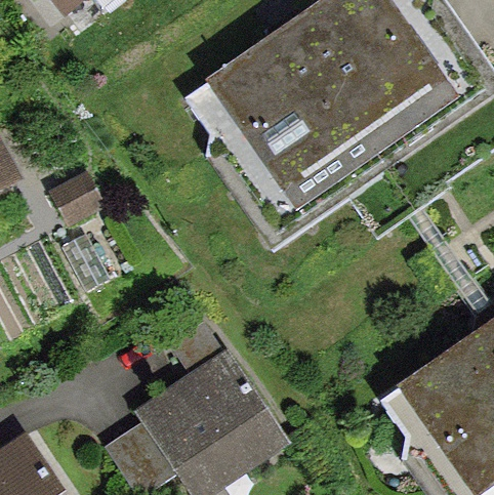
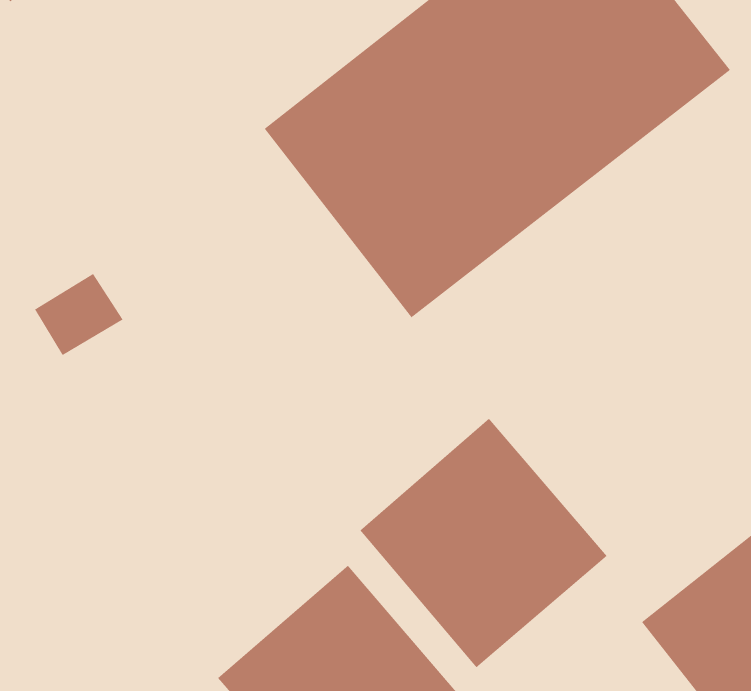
building: none -> [360,418,607,668]

